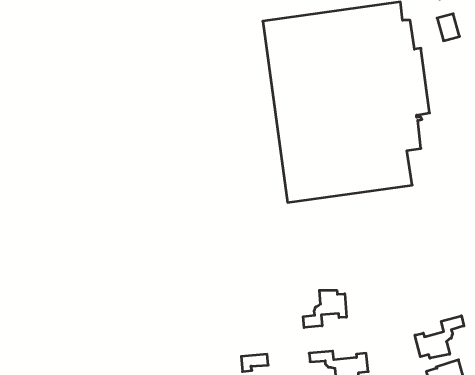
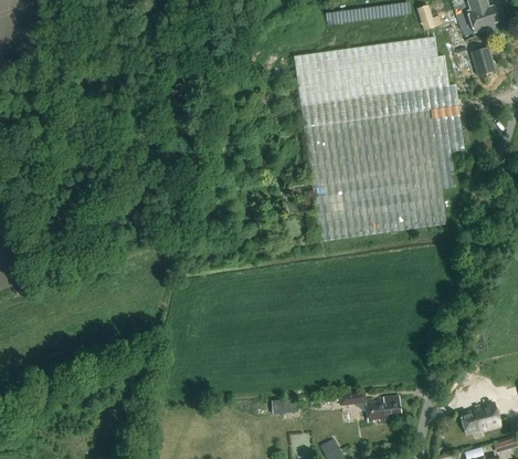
building: [303,290,346,328] -> none
building: [415,316,464,358] -> none

